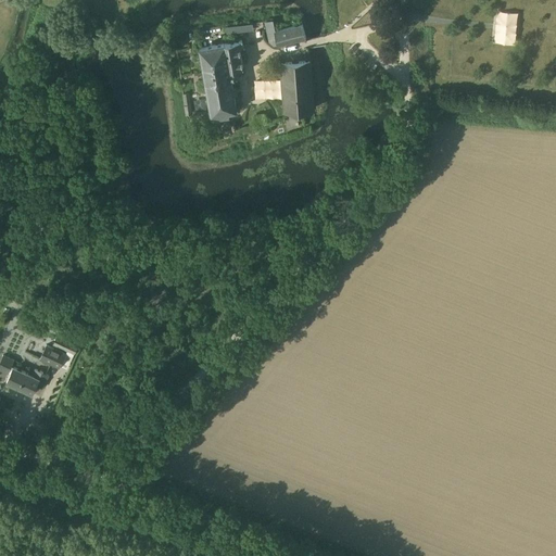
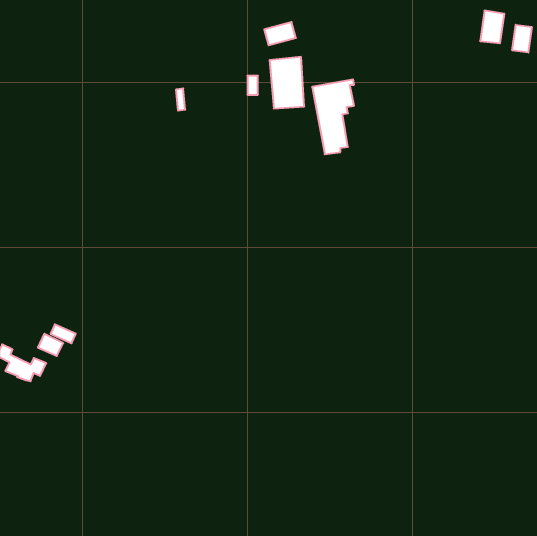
building: none -> [512,25,532,53]
building: [199,42,242,119] -> [312,79,354,154]

